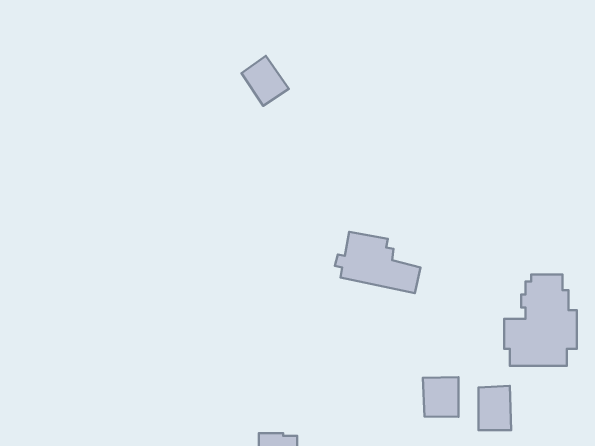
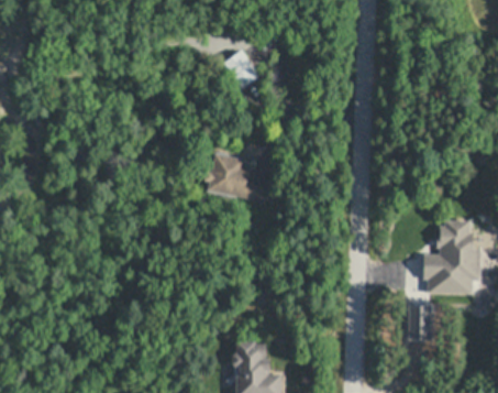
building: [335,232,421,293] -> [204,157,270,205]
building: [423,377,459,417] -> none

